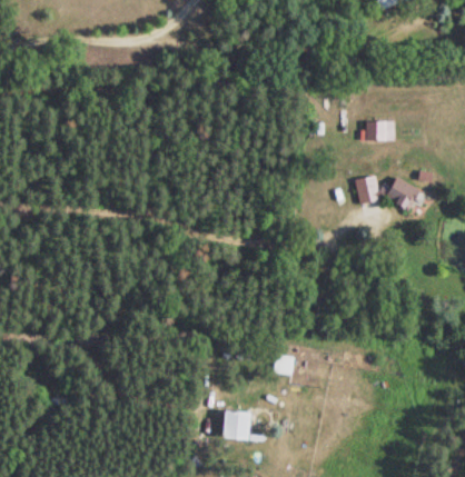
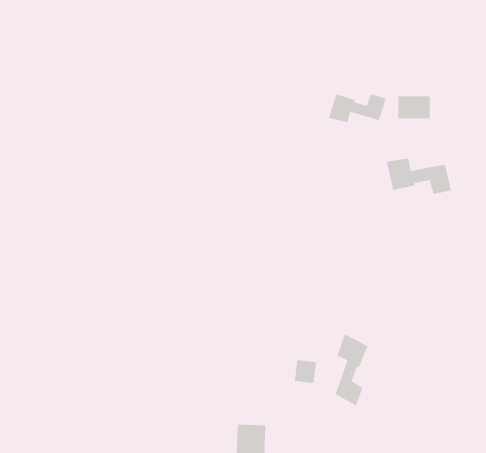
building: none -> [328,93,387,123]
building: none -> [335,334,368,406]

